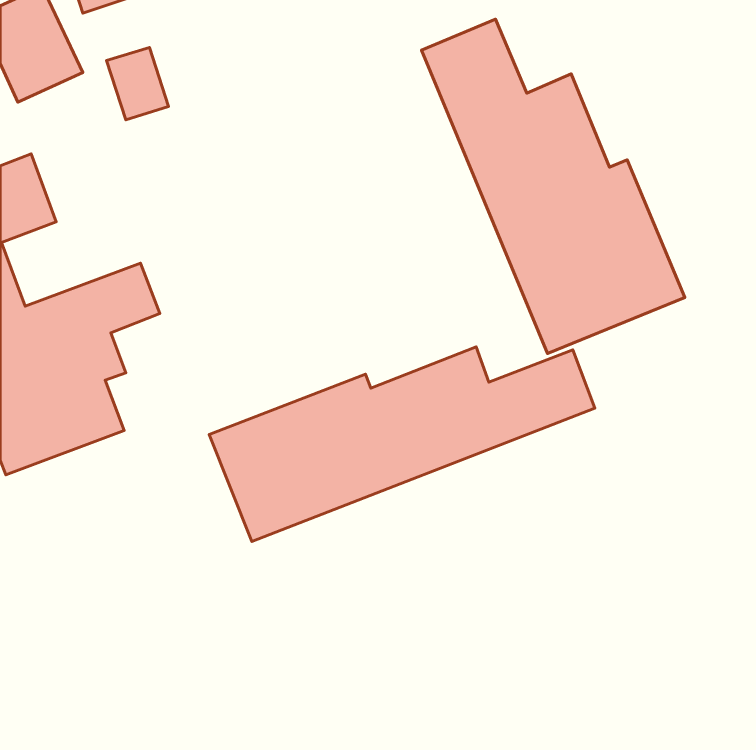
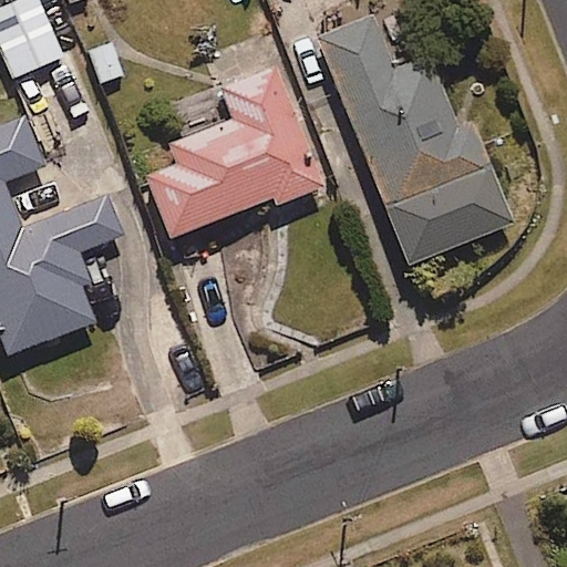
building: none -> [145,68,320,238]
building: [209,347,595,542] -> none

